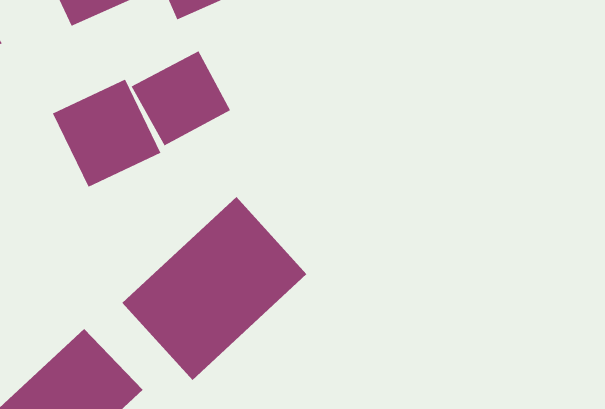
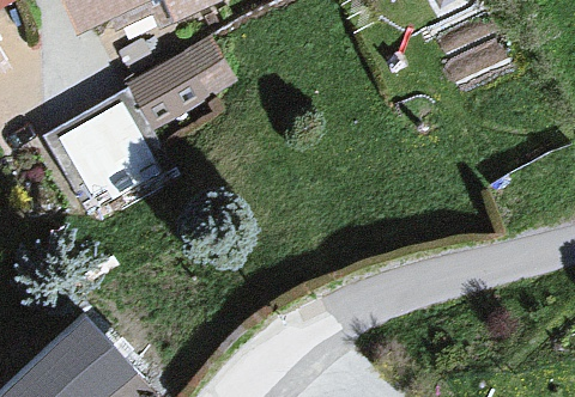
building: [122,196,307,381] -> none

